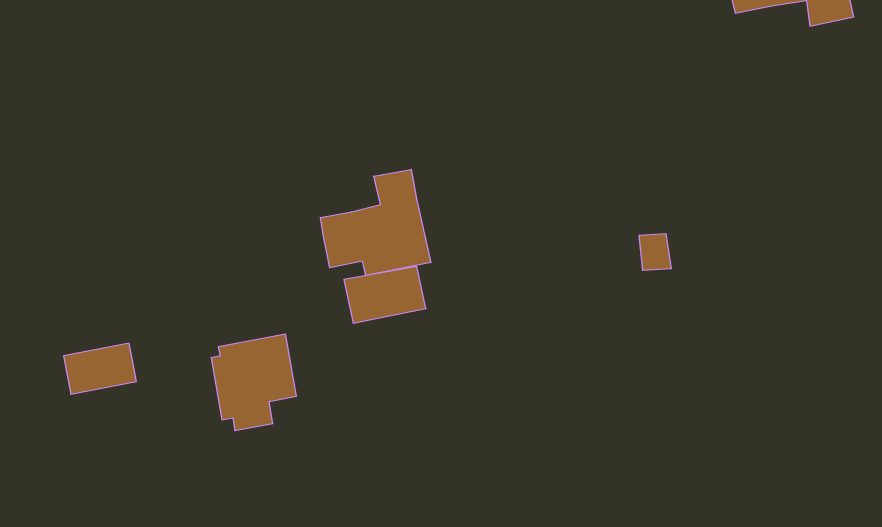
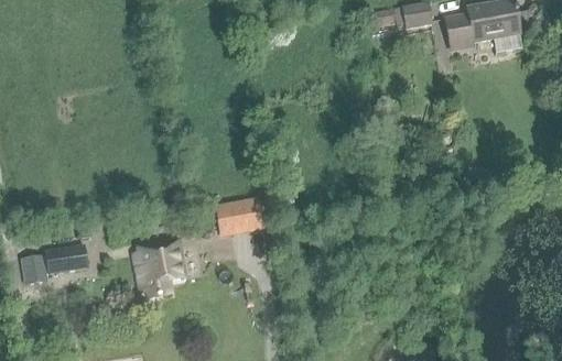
building: [320,169,431,276] -> none
building: none -> [20,253,48,285]

